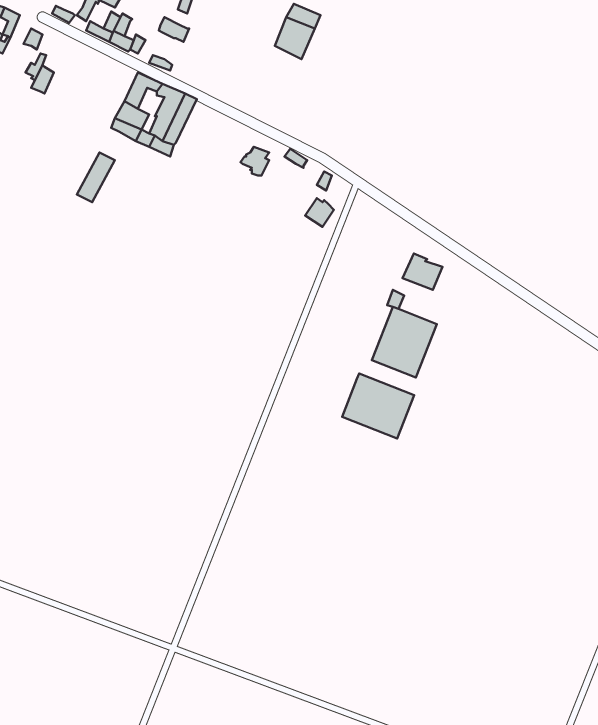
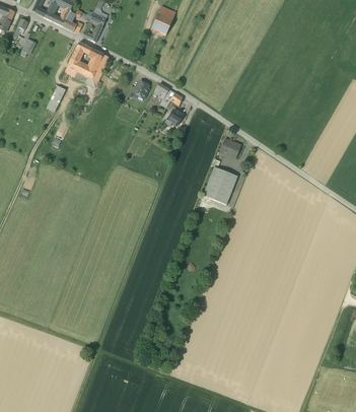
building: [342,373,414,439] -> none

